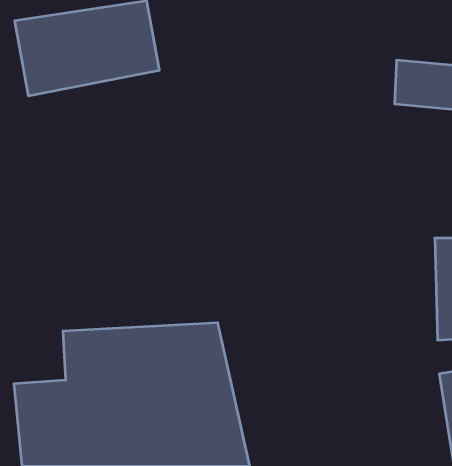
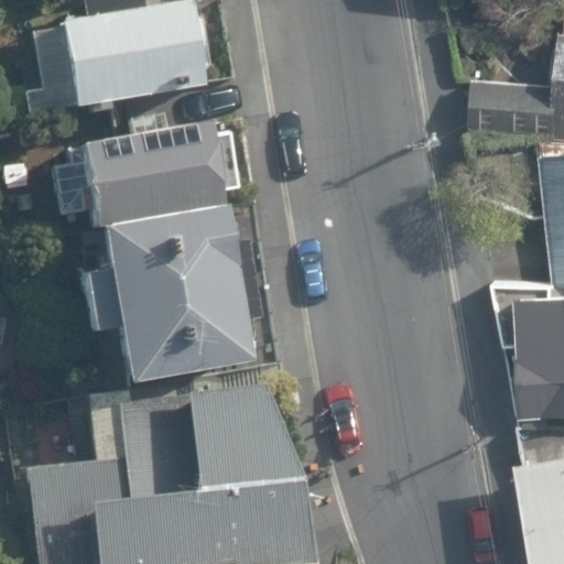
building: none -> [65,126,223,224]
building: none -> [97,210,249,388]

